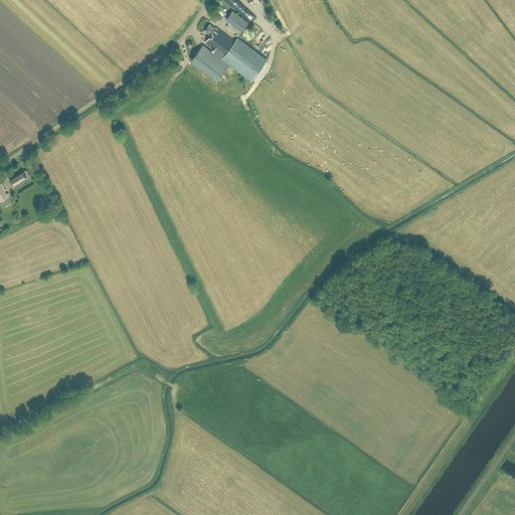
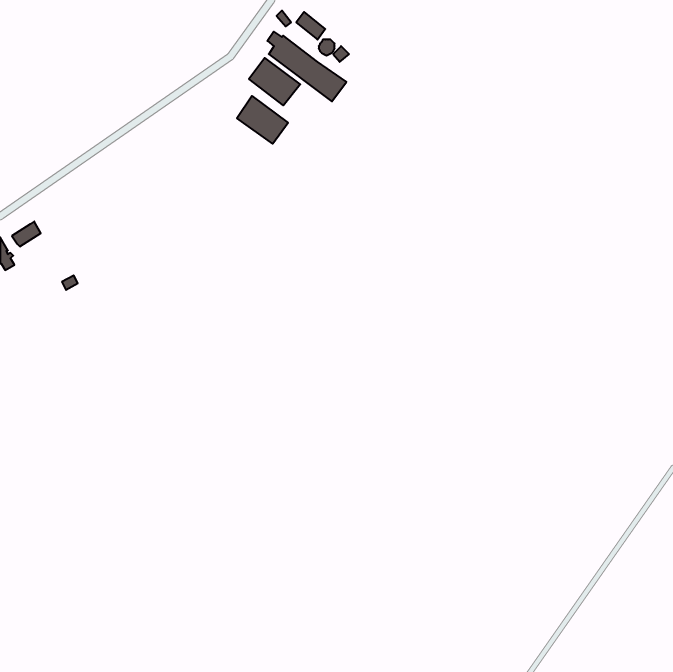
building: none -> [237,96,288,144]

